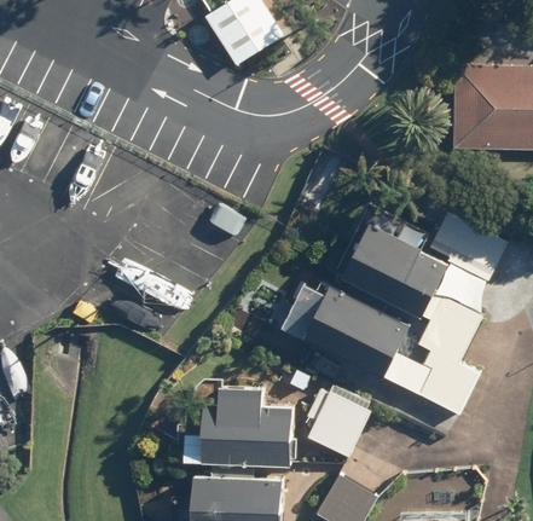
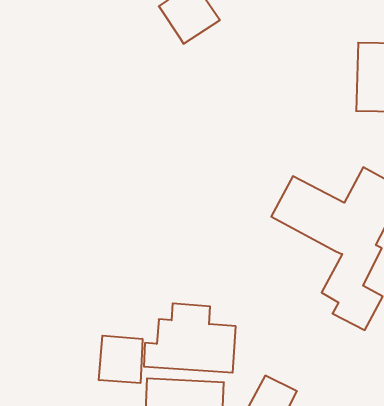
building: [303,288,411,381] -> none
building: [306,389,369,459] -> none
building: none -> [99,336,142,383]

